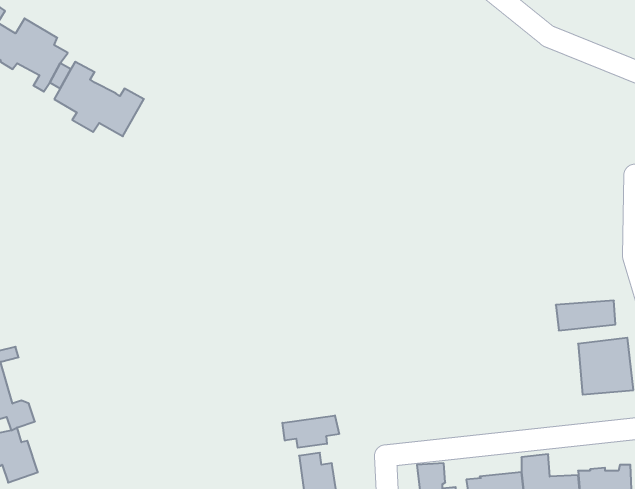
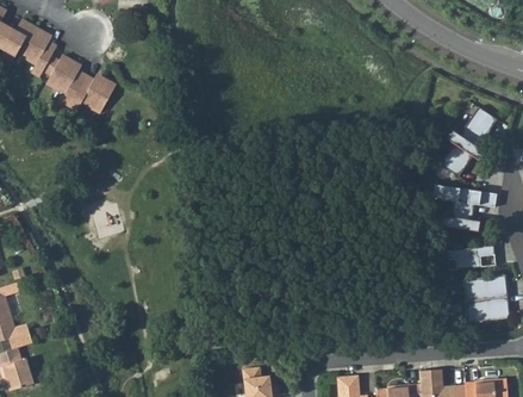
building: none -> [442,107,497,175]
building: none -> [432,184,496,230]
building: [282,415,339,448] -> none

